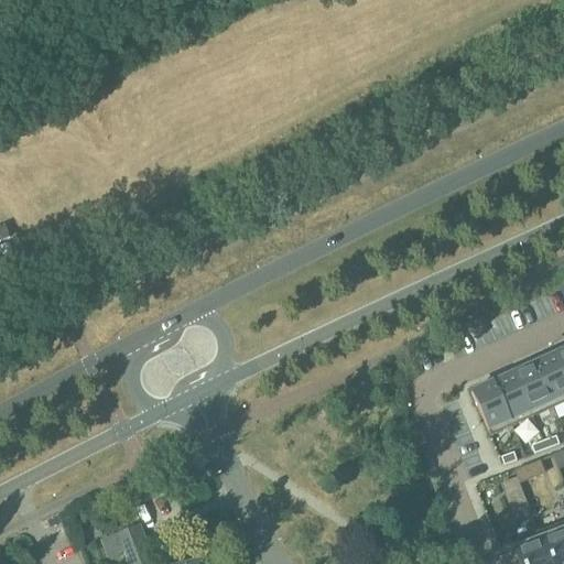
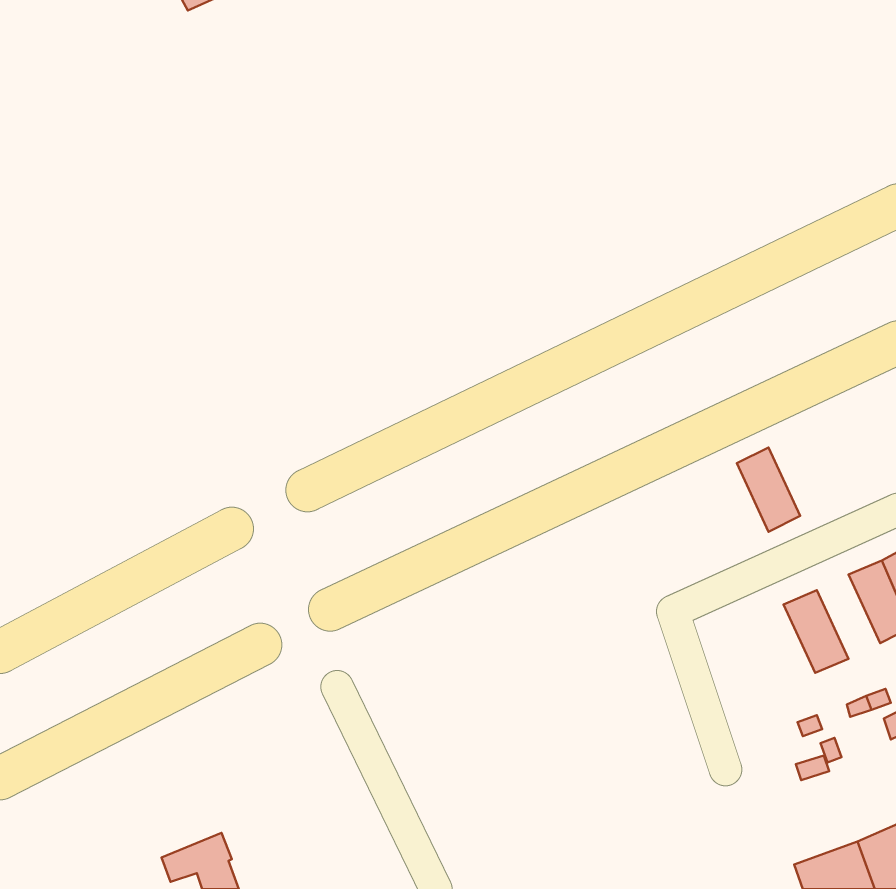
building: [513,360,553,413] -> [737,447,800,532]
building: [471,379,512,432] -> none

